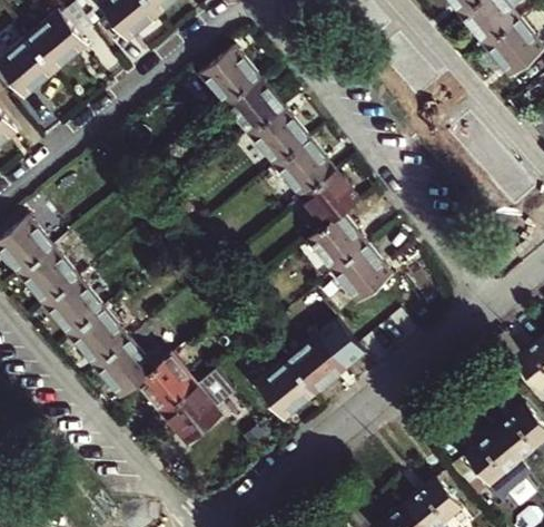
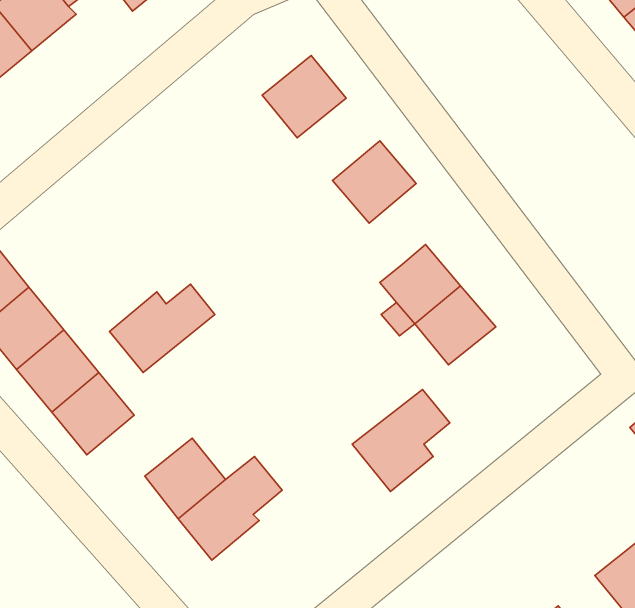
building: [200,47,258,104] -> none
building: [248,106,308,166] -> none
building: [300,168,359,227] -> none
building: [95,332,171,397] -> [110,284,215,373]
building: [257,359,316,419] -> none

